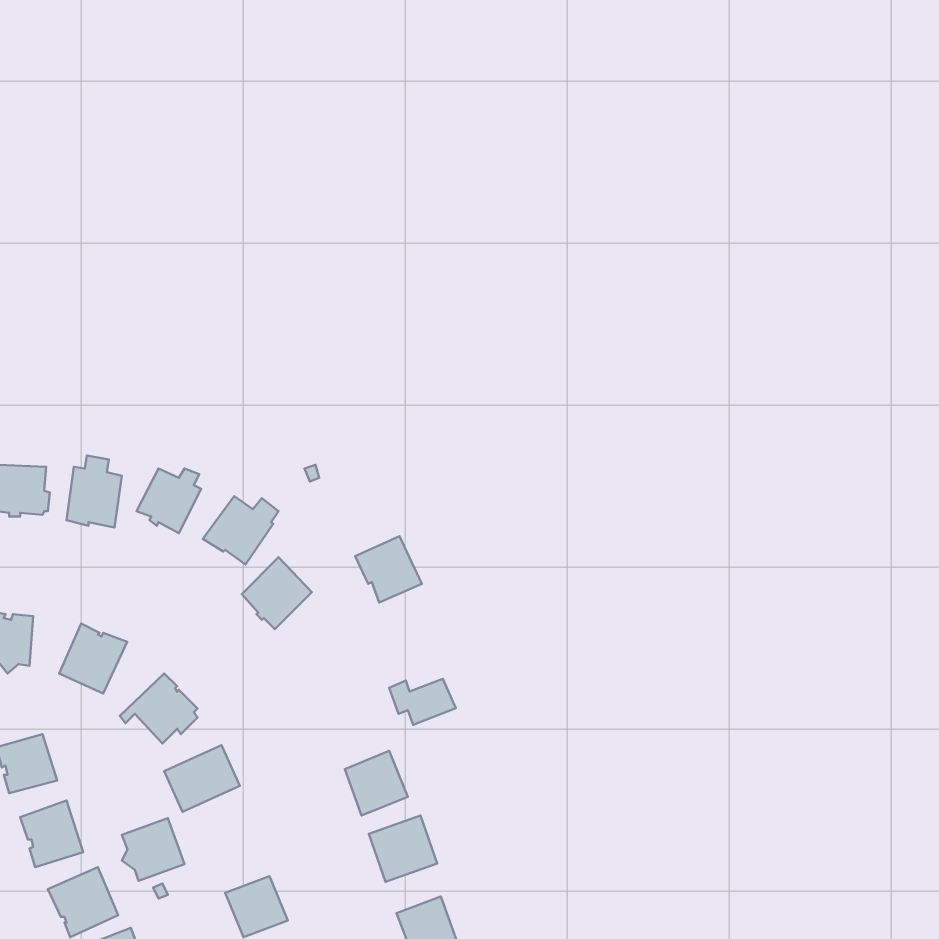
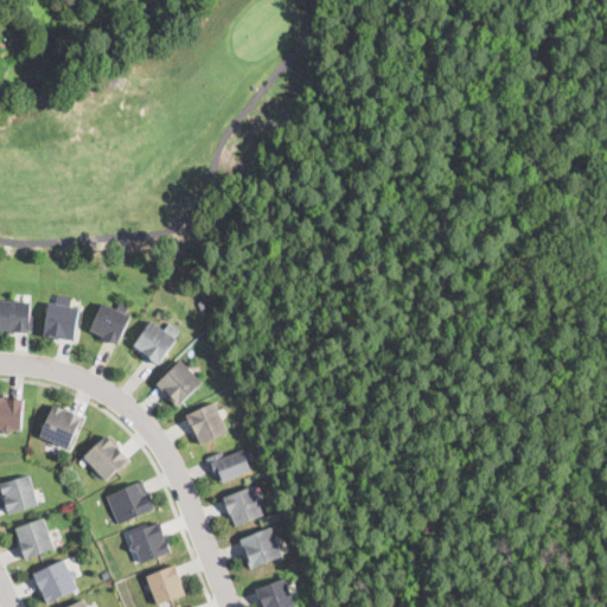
building: [355,536,422,602] -> [184,402,226,445]
building: [389,679,456,725] -> [206,451,249,480]
building: [122,818,185,881] -> [128,522,168,562]

